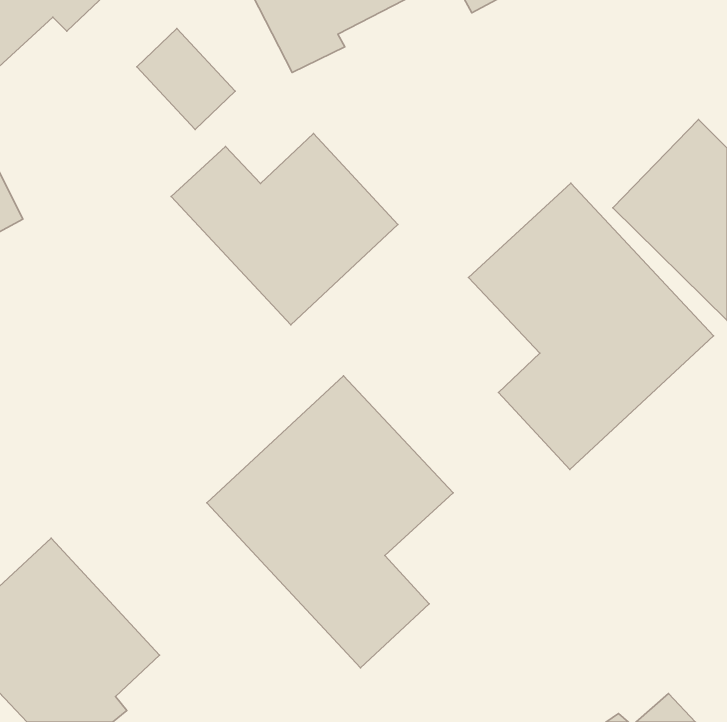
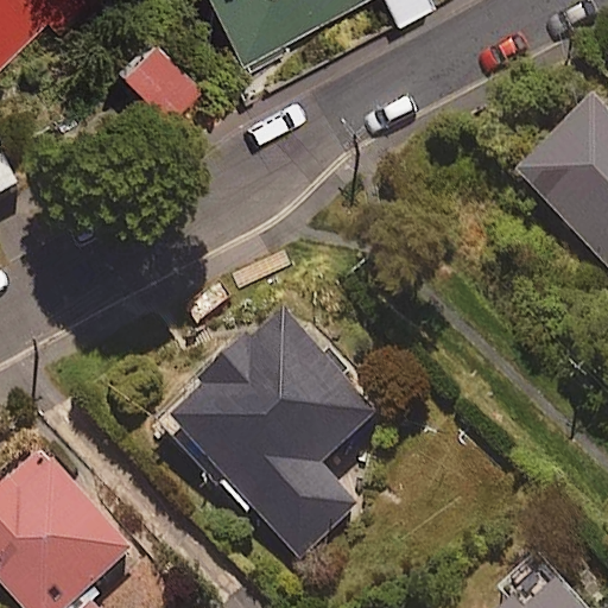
building: [171,133,398,325] -> none
building: [468,183,714,469] -> none

